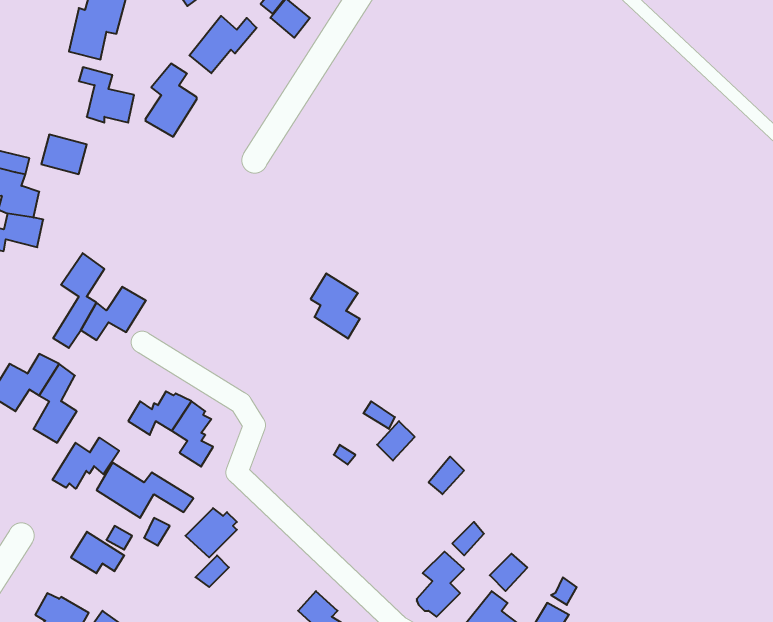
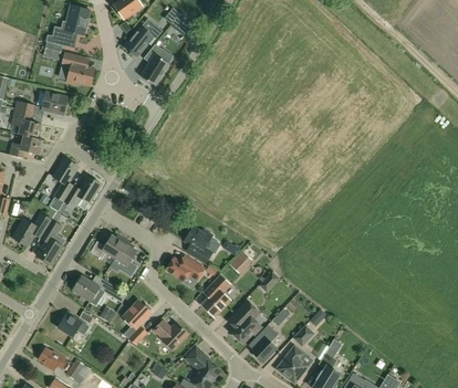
building: [145,64,197,137] -> [140,44,169,85]
building: [311,273,360,339] -> [185,226,212,262]
building: none -> [166,254,205,280]
building: [53,438,119,489] -> none
building: none -> [202,274,230,315]
building: none -> [229,301,261,342]
building: none -> [154,319,188,349]

